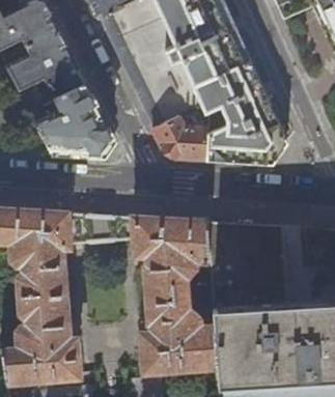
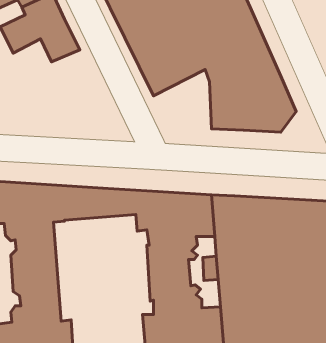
building: [30,85,111,152] -> none
building: [152,104,207,160] -> none

